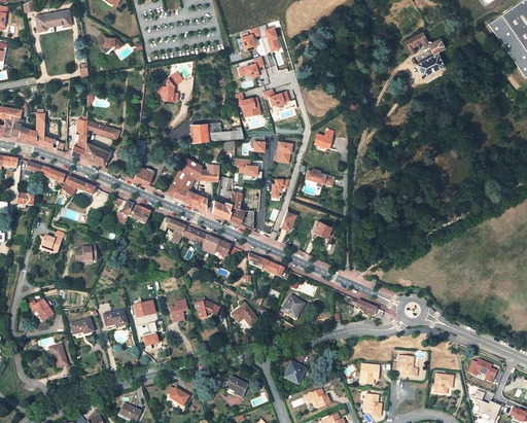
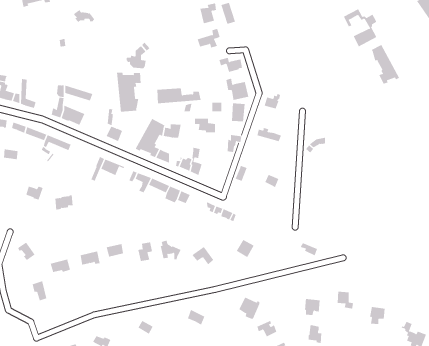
building: none -> [371,44,400,85]
building: [236,92,262,117] -> [226,78,249,100]
building: none -> [116,72,141,113]
building: [467,358,497,383] -> none

